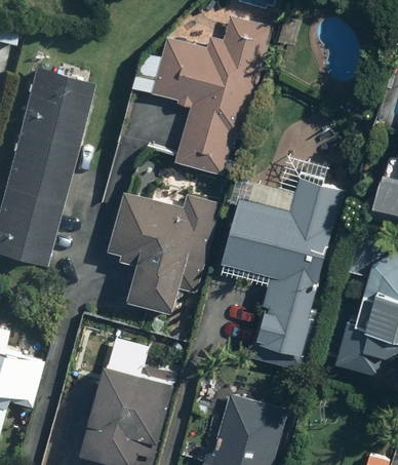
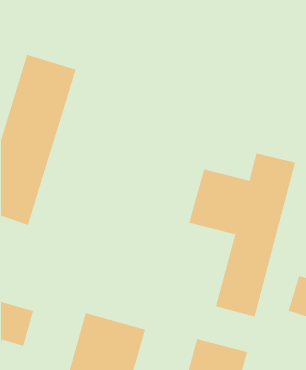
building: [154,15,273,175] -> none
building: [108,192,220,312] -> none

